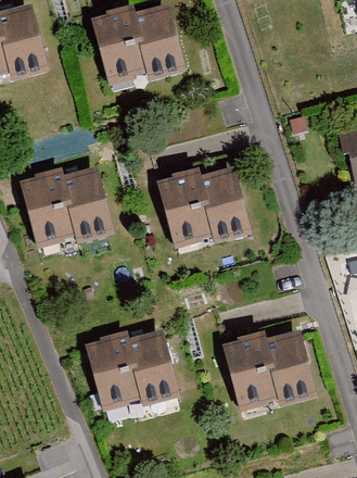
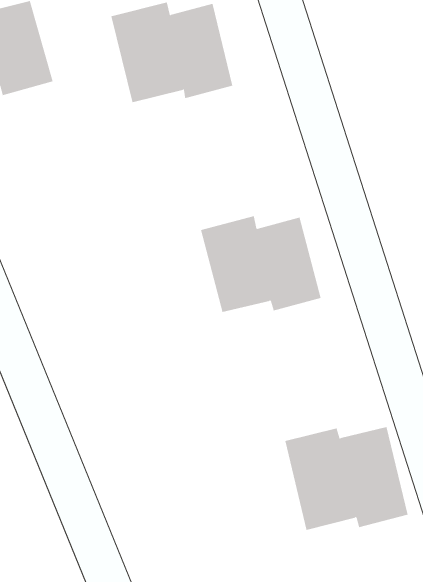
building: [21,169,116,246] -> none
building: [86,331,180,412] -> none

